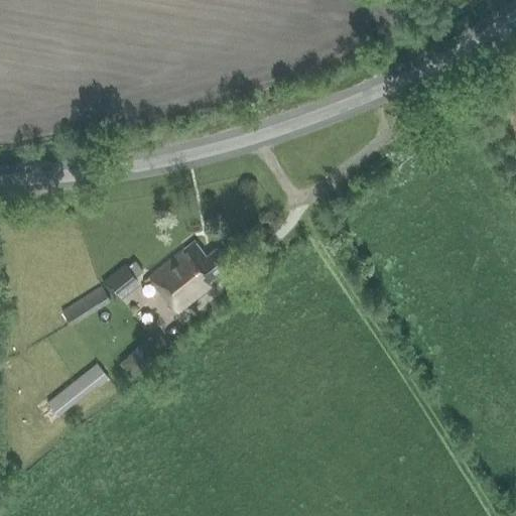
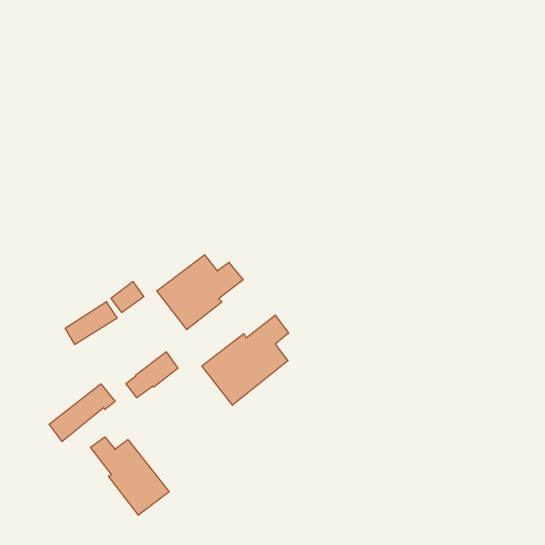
building: none -> [202,315,289,405]
building: none -> [91,437,169,515]

